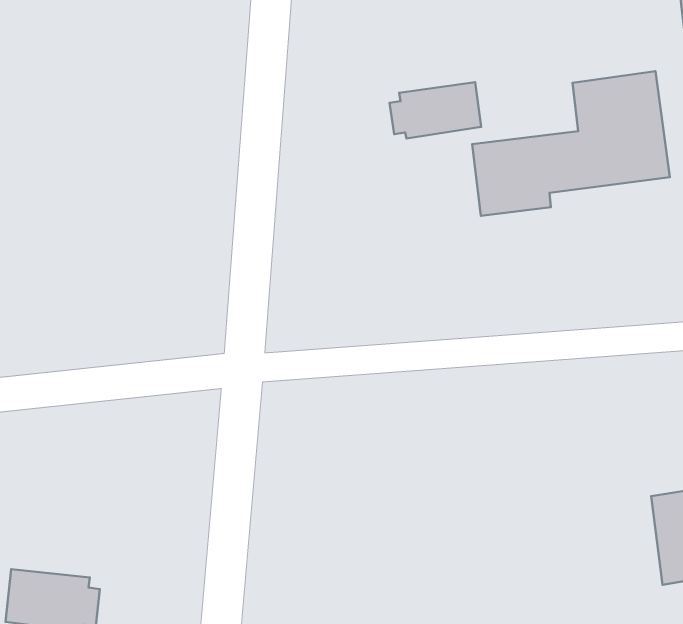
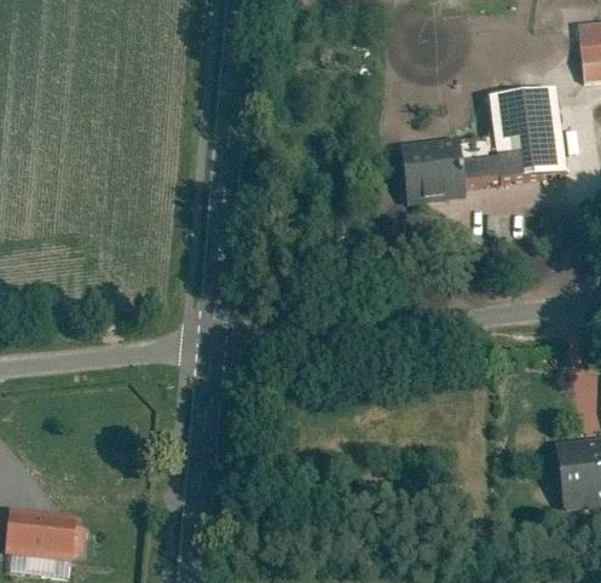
building: [389,82,481,139] -> none

